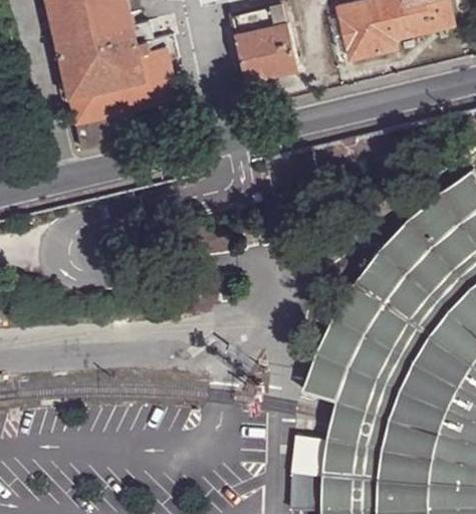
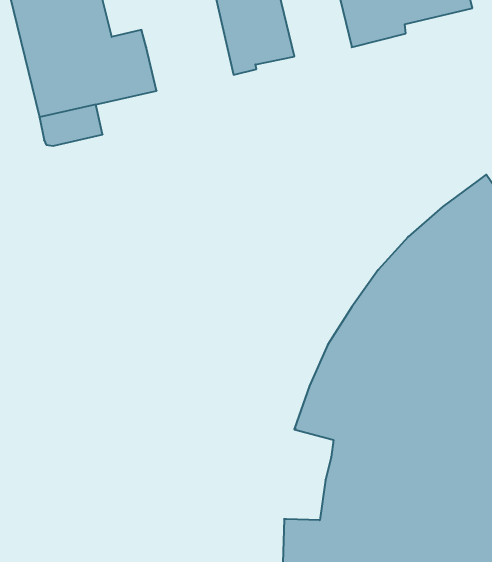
building: [293,435,327,473] -> none

